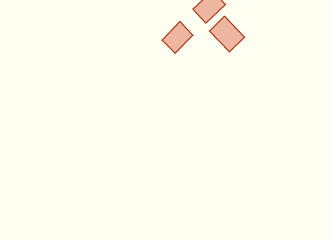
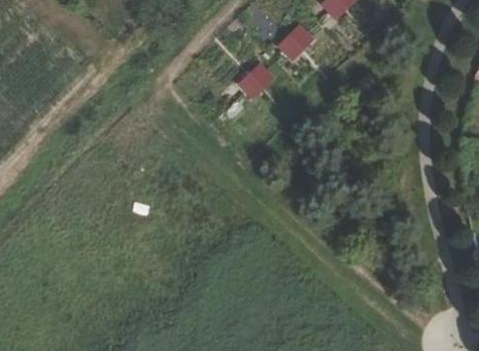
building: [209,16,245,52] -> none

